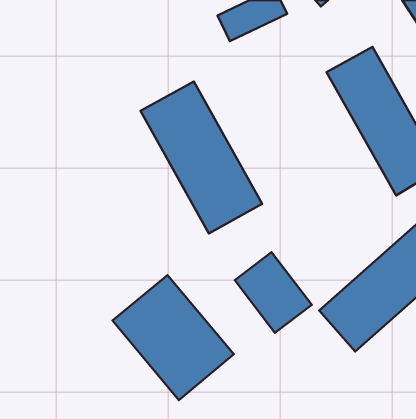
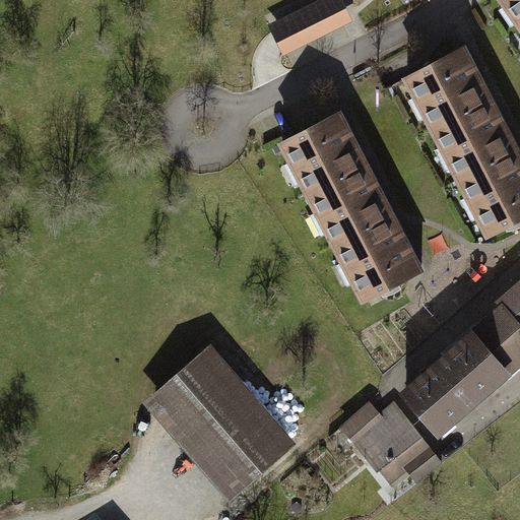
building: [141,81,262,233] -> [283,120,434,308]
building: [235,252,312,333] -> [340,396,436,496]

